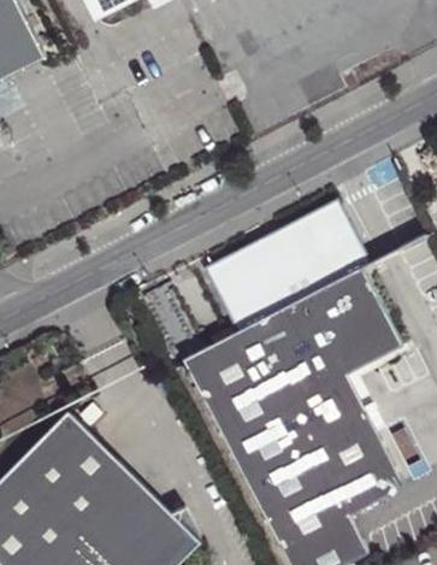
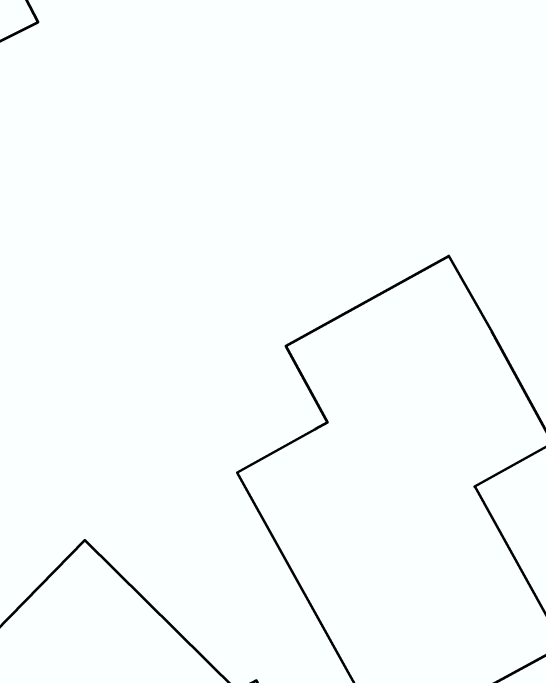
building: [199,198,366,332] -> none

